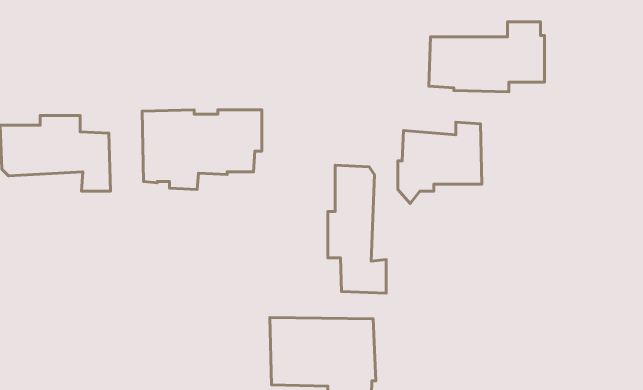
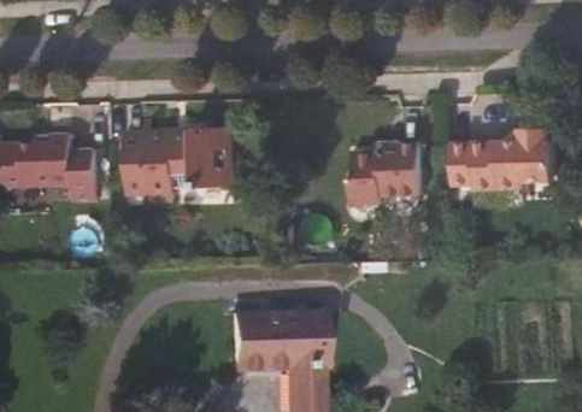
building: [429,22,545,92] -> [452,124,553,186]
building: [328,165,386,293] -> none

